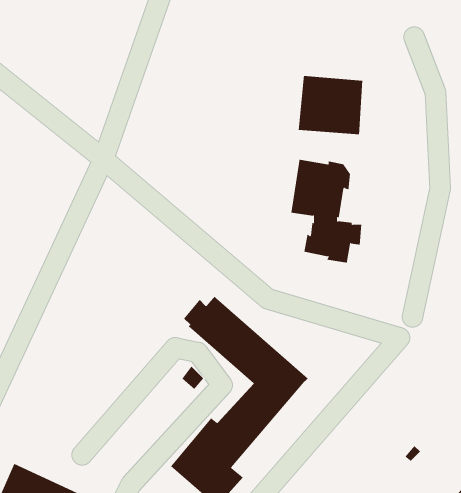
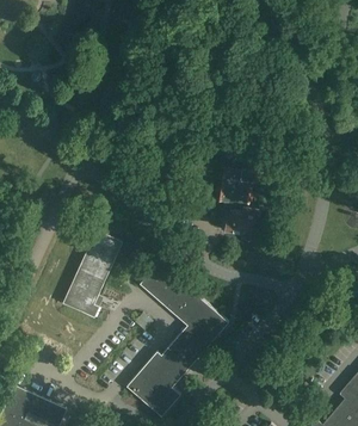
building: [298,75,363,135] -> none
building: none -> [63,229,124,317]

